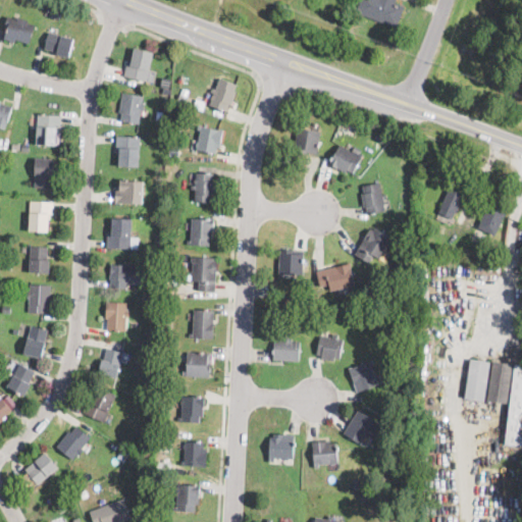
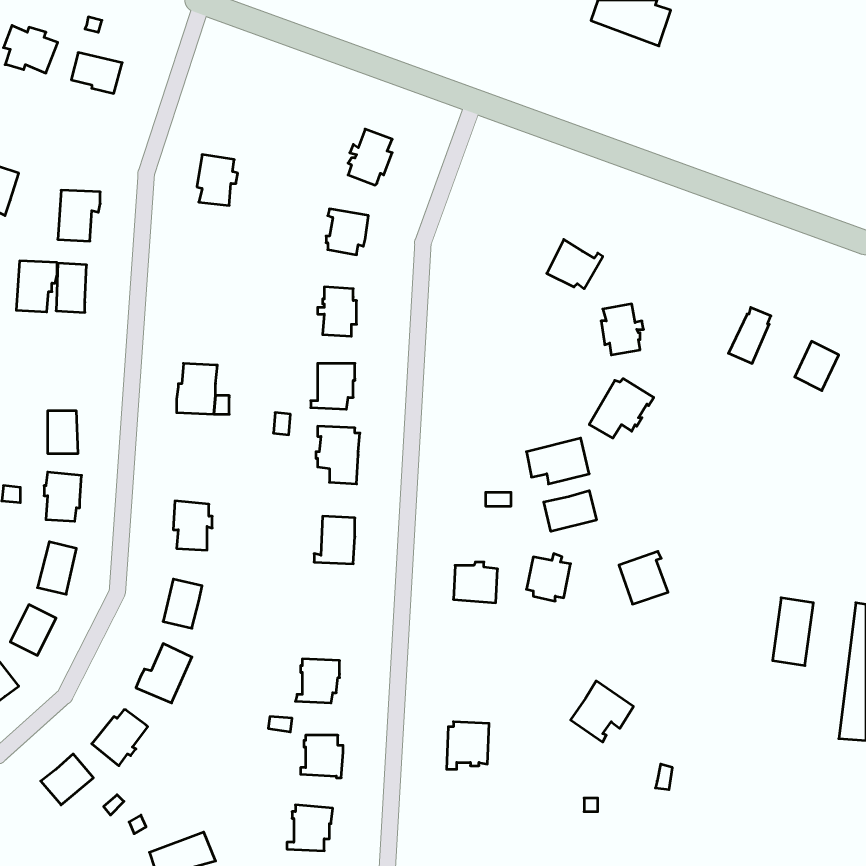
building: [123,49,152,83] -> none
building: [293,124,320,155] -> none
building: [115,137,139,167] -> none
building: [114,180,142,204] -> none
building: [28,202,52,232] -> [16,261,57,312]
building: [277,251,303,278] -> none
building: [108,264,141,290] -> none
building: none -> [544,491,596,531]
building: [182,353,210,377] -> none
building: [348,361,377,393] -> [619,551,668,604]
building: [486,362,513,404] -> none
building: [312,441,337,469] -> none

